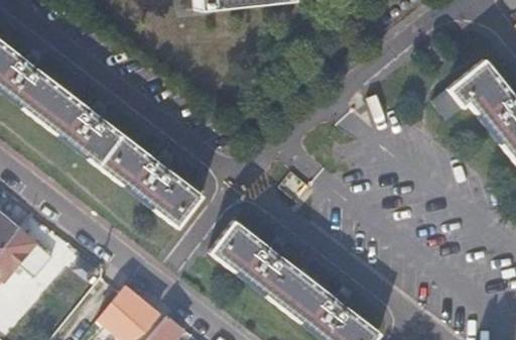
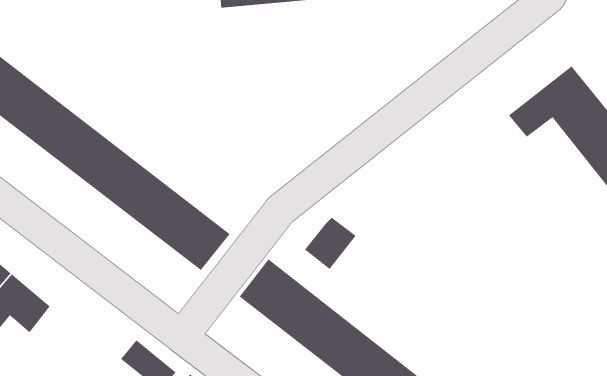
building: none -> [304,217,357,270]

